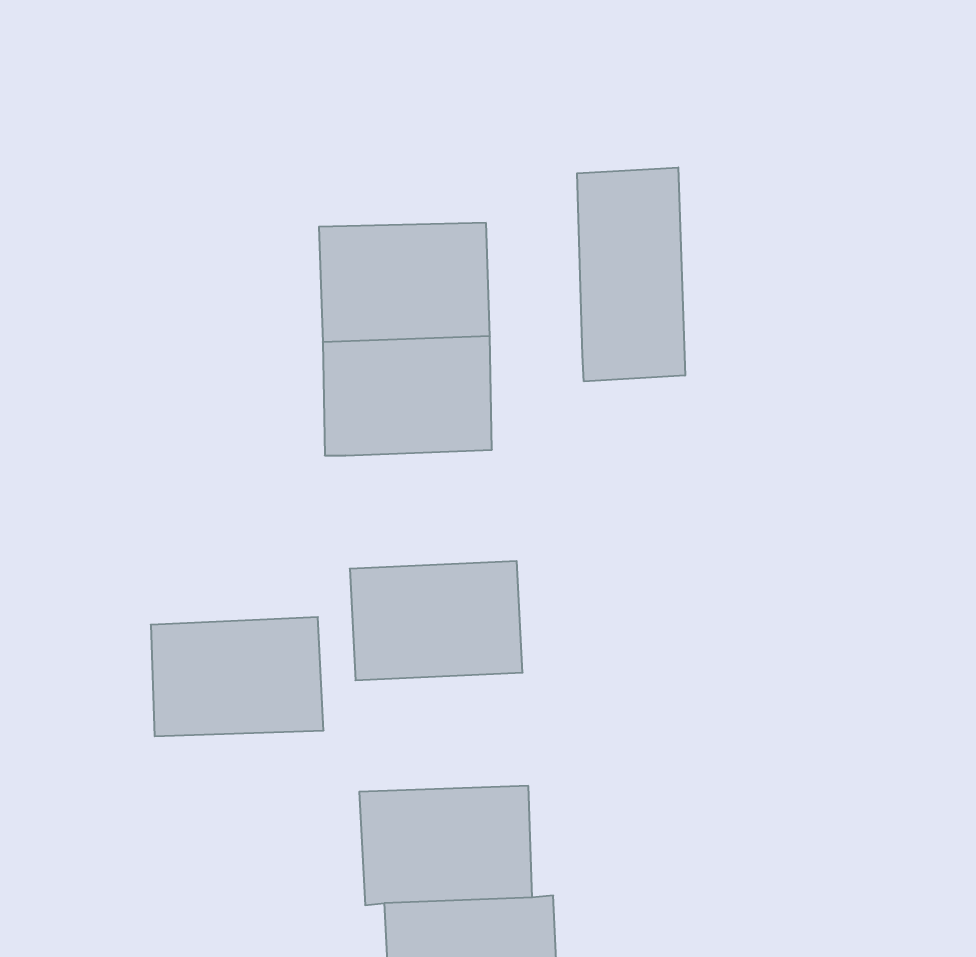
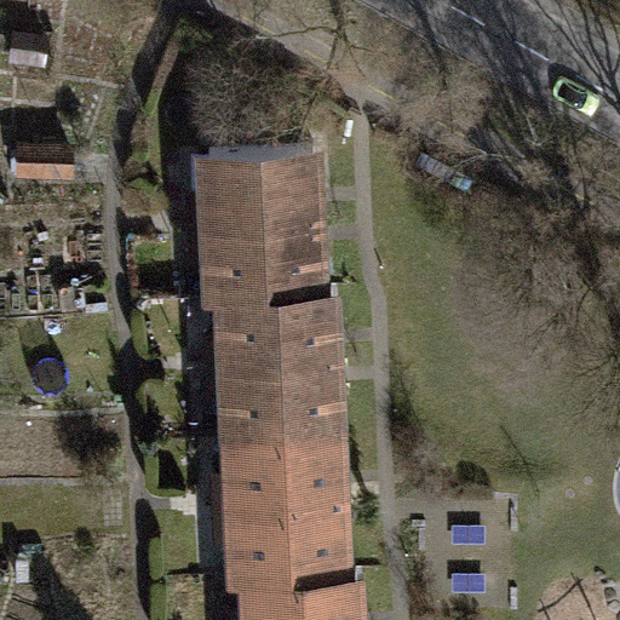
building: [577,167,685,381] -> none
building: none -> [222,299,329,374]
building: [151,617,324,736] -> [228,440,337,515]

